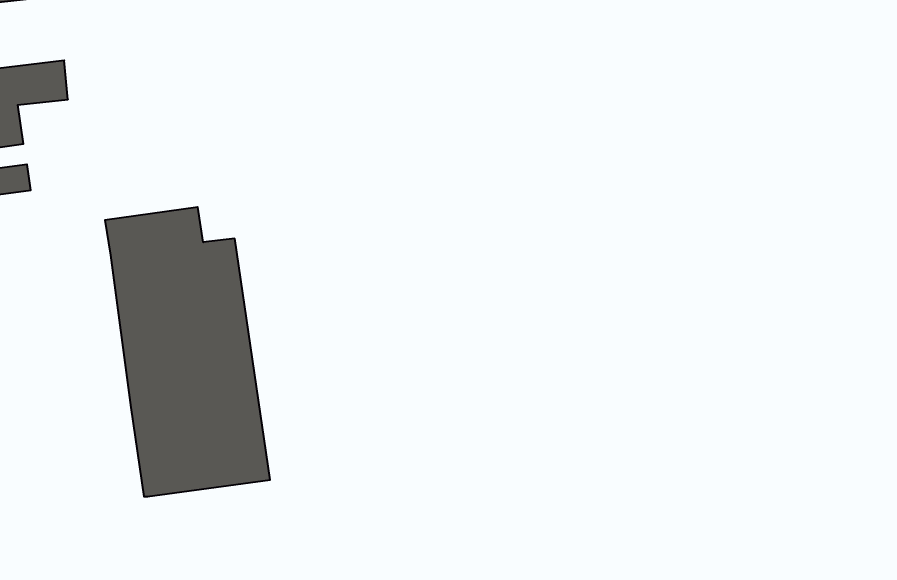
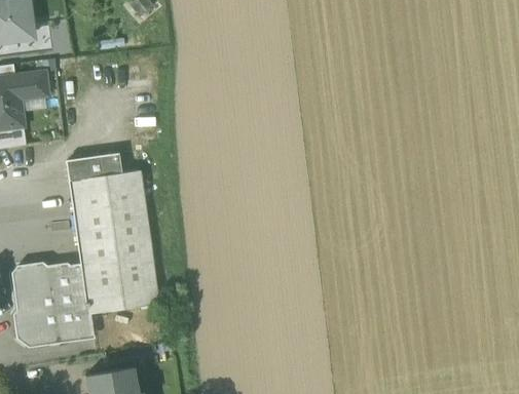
building: none -> [15,264,94,343]

